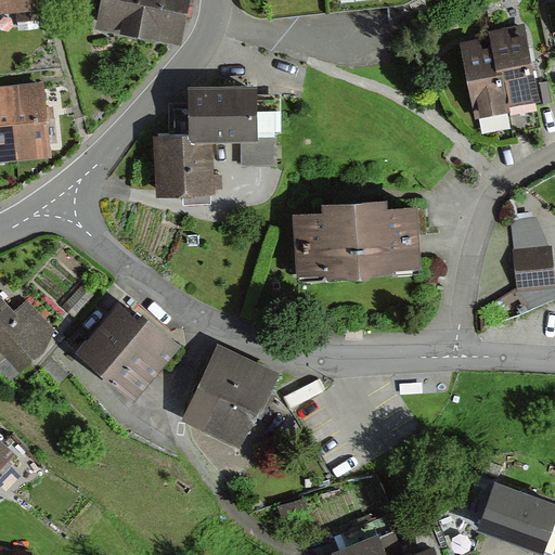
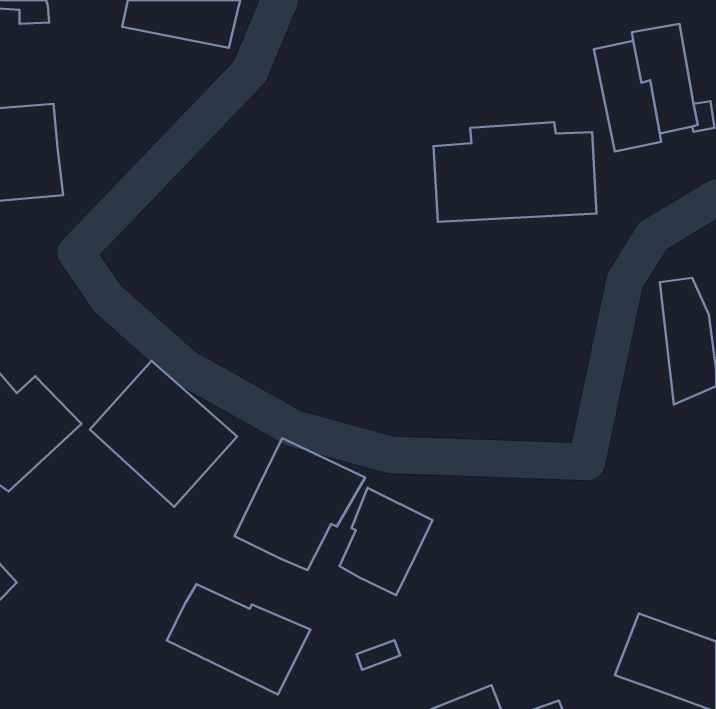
building: [154,83,279,198] -> none
building: [293,194,418,271] -> [434,122,596,222]
building: none -> [339,488,433,595]
building: none -> [167,584,310,694]

